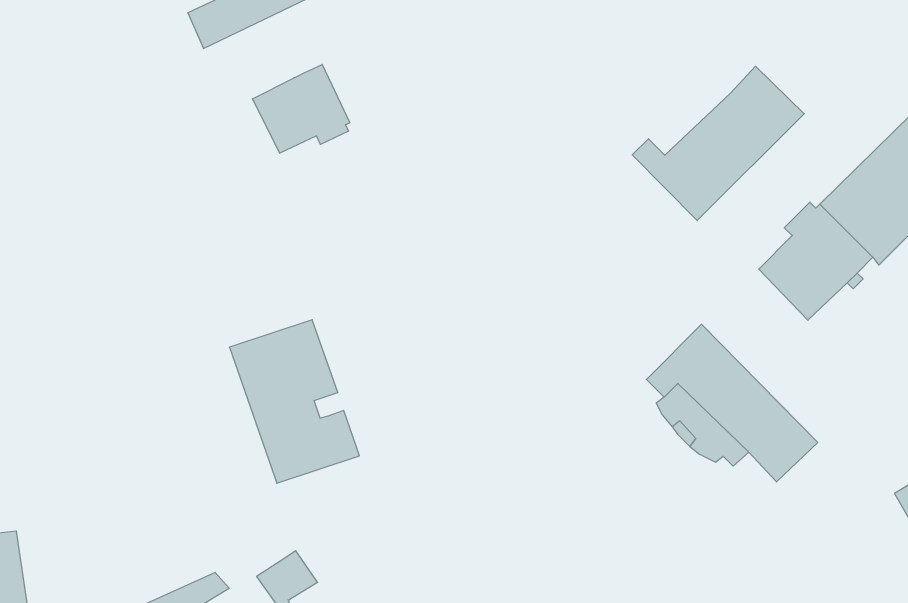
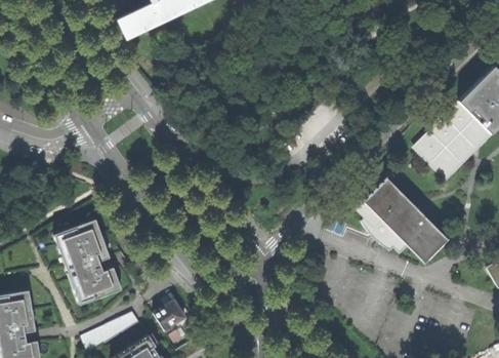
building: [253,64,350,153] -> none
building: [632,66,804,221] -> none
building: [229,320,359,483] -> [55,216,123,302]

